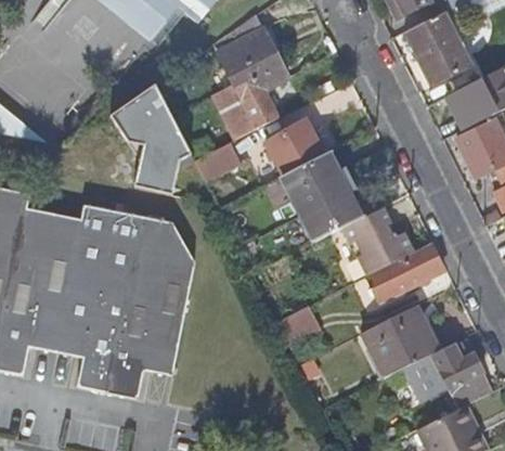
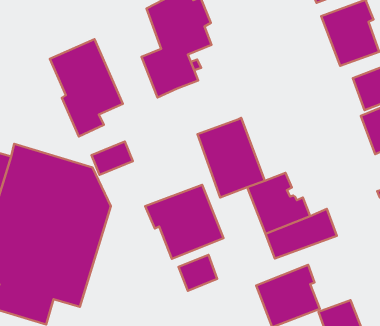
building: [266,120,324,175] -> none
building: [193,142,238,181] -> [92,142,133,175]
building: none -> [145,185,223,259]

